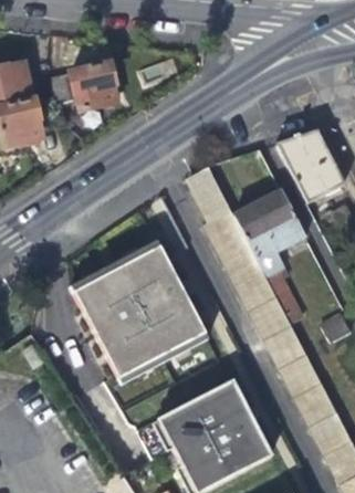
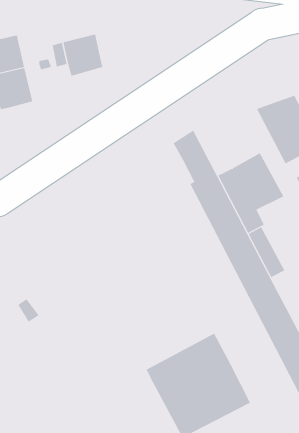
building: [75,244,205,374] -> none

